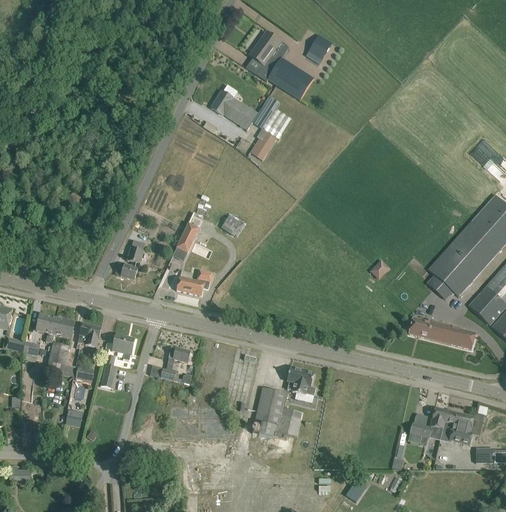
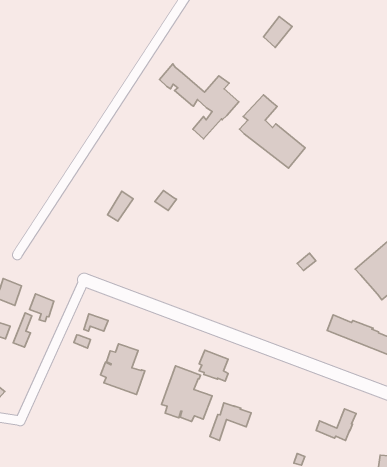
building: [247,31,314,100] -> [240,95,305,168]
building: [116,241,145,280] -> none
building: [176,270,212,296] -> none
building: none -> [101,344,145,395]
building: [440,411,473,445] -> none
building: none -> [210,403,251,441]

